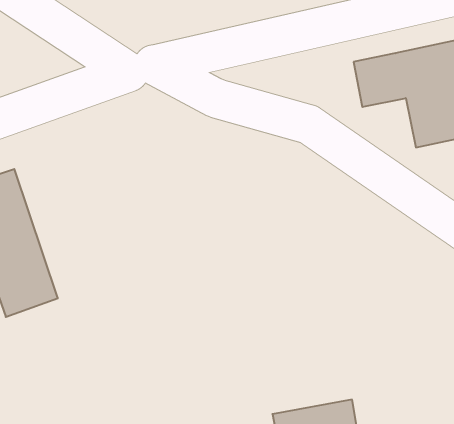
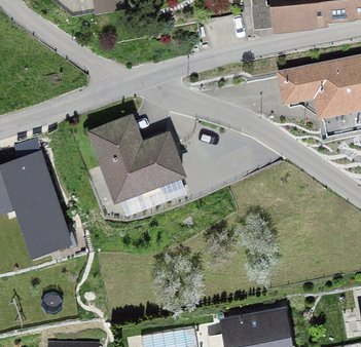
building: none -> [89,122,180,198]

